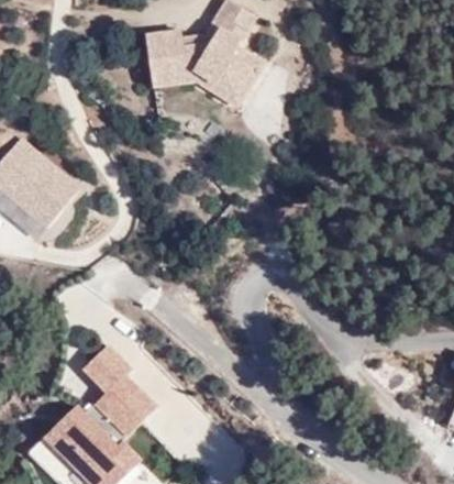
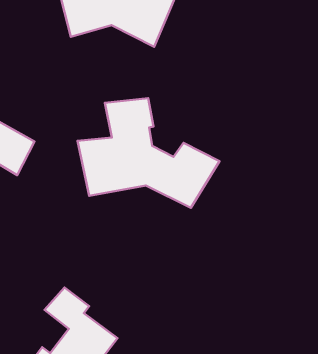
building: none -> [77,98,219,208]

